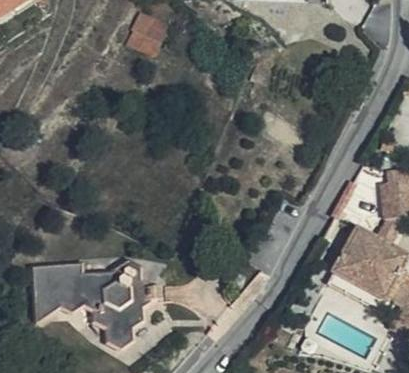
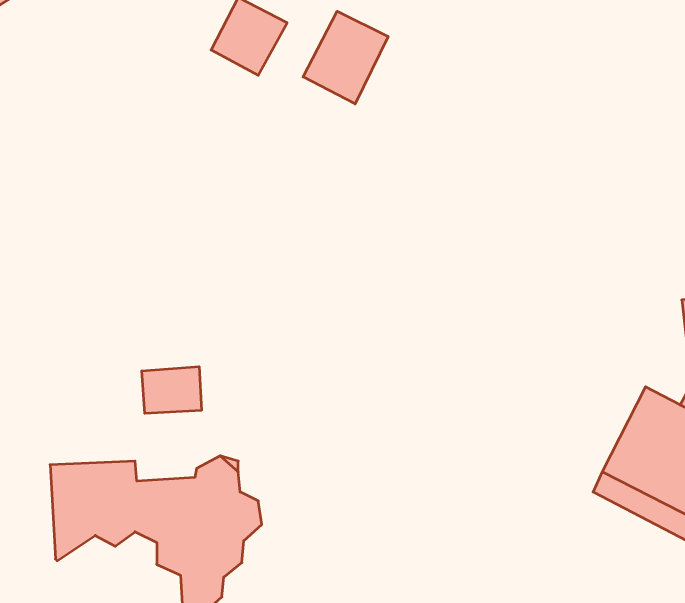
building: none -> [303,11,388,104]
building: none -> [142,367,201,413]

